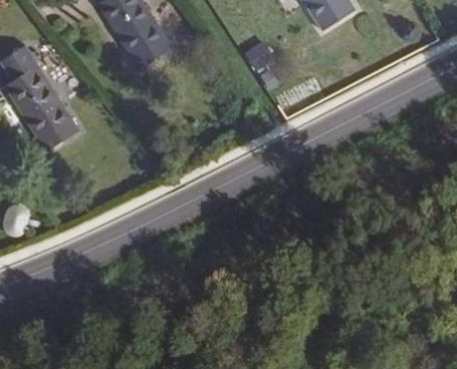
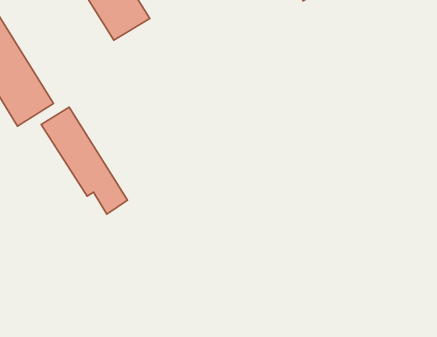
building: none -> [41,107,127,214]

